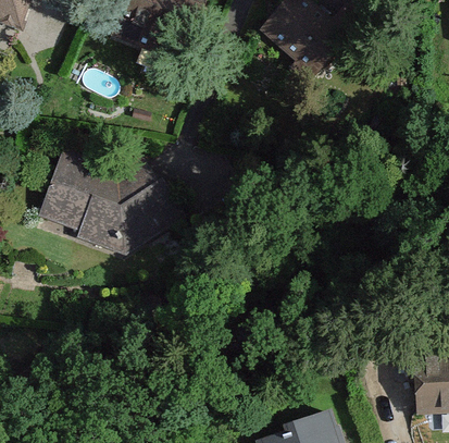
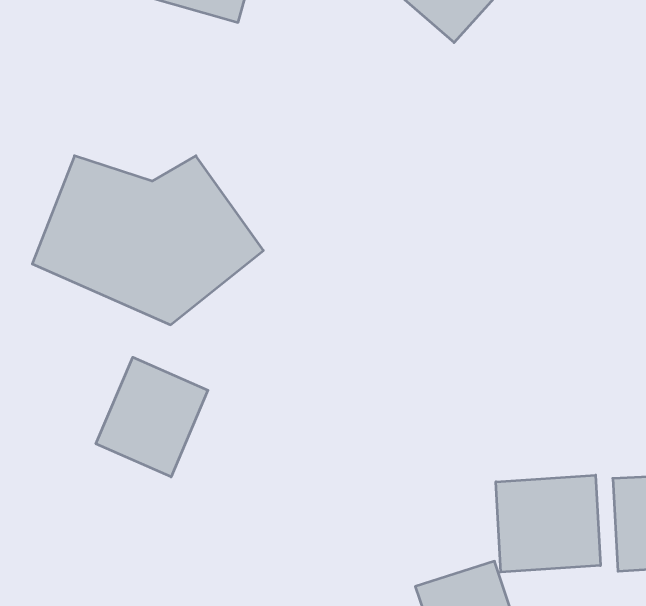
building: none -> [96,357,208,477]
building: none -> [496,475,600,572]

